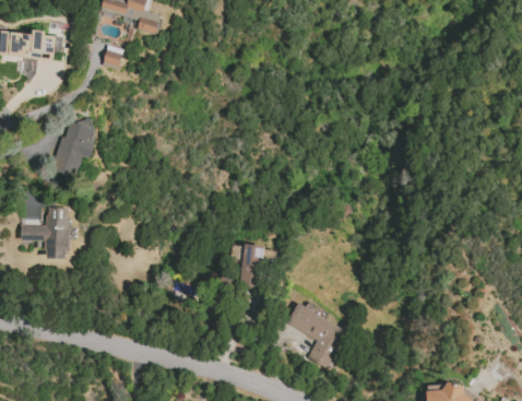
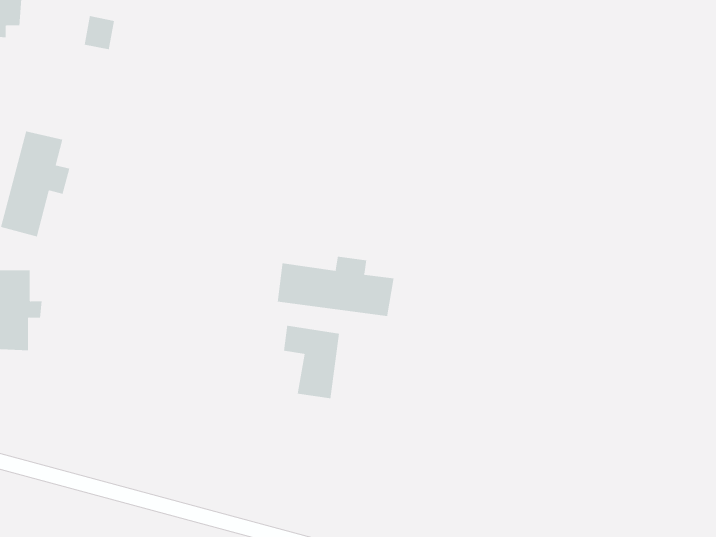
building: none -> [277,256,394,317]
building: [287,304,347,369] -> none

